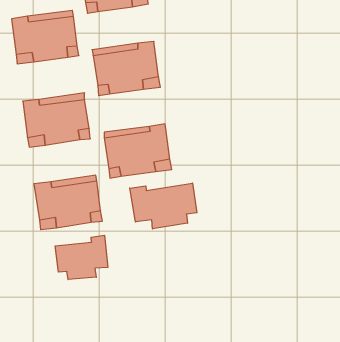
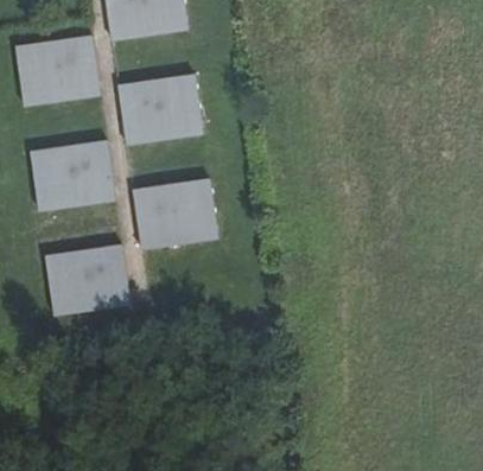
building: [130,183,197,229] -> none
building: [55,235,108,280] -> none

